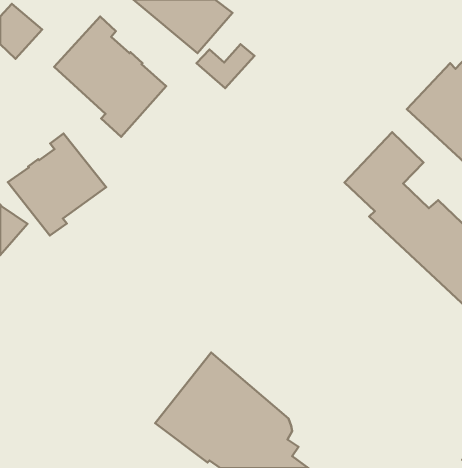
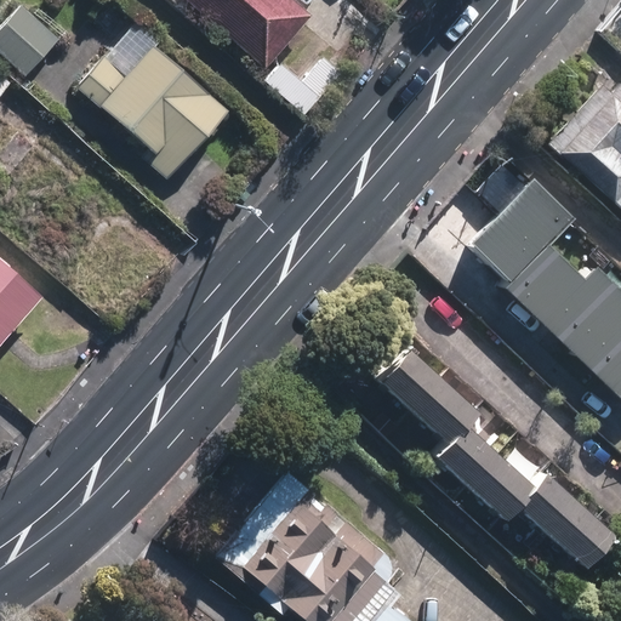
building: [8,134,106,236] -> none
building: none -> [361,335,611,564]

